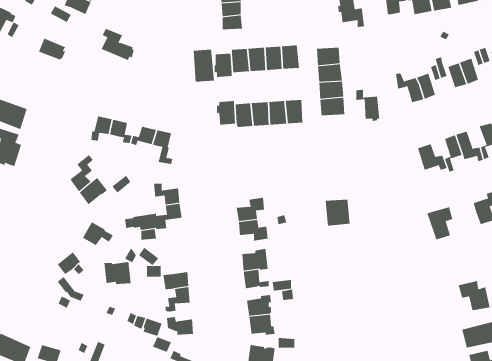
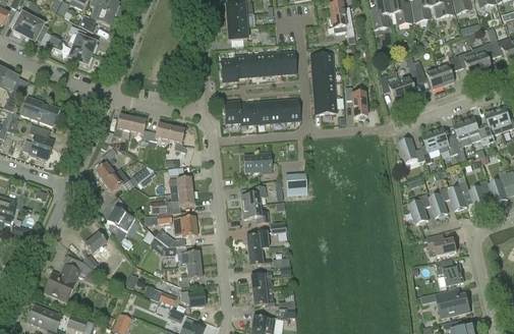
building: [101,28,134,61] -> [68,25,98,54]
building: [193,49,215,83] -> none
building: none -> [244,152,273,172]
building: none -> [430,186,451,217]
building: [325,199,350,226] -> [286,172,308,196]
building: none -> [427,235,457,256]
building: [104,261,131,285] -> [173,216,197,236]
building: none -> [47,265,77,301]

